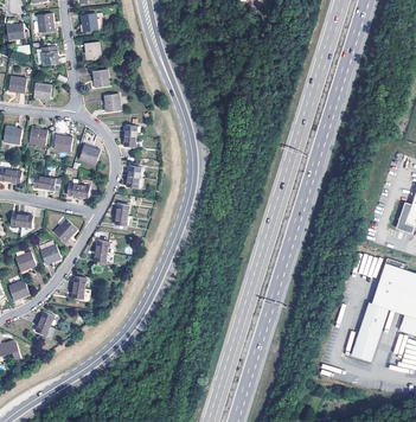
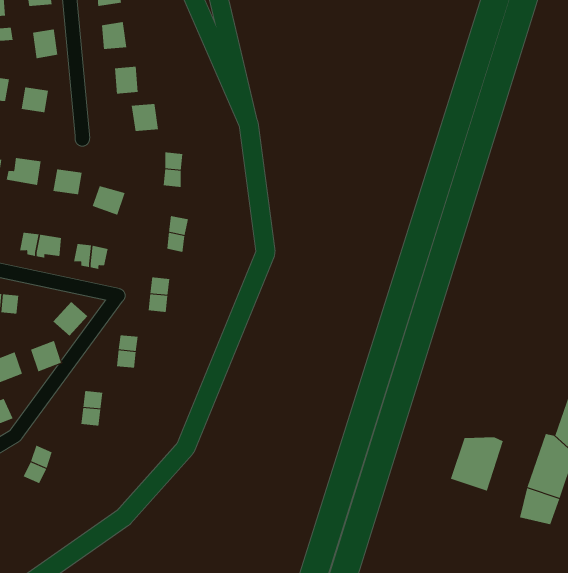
building: none -> [450,436,504,492]

